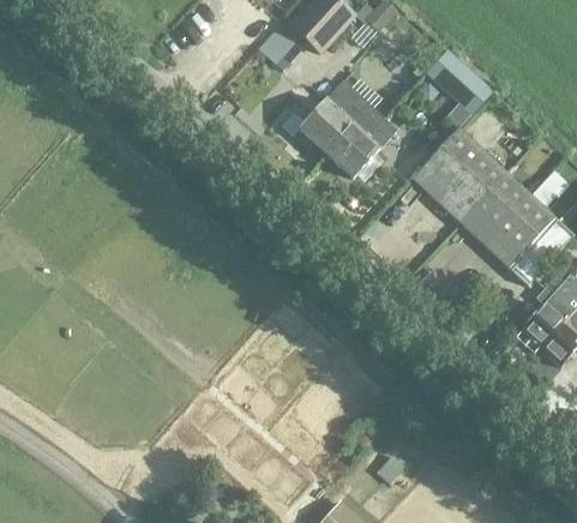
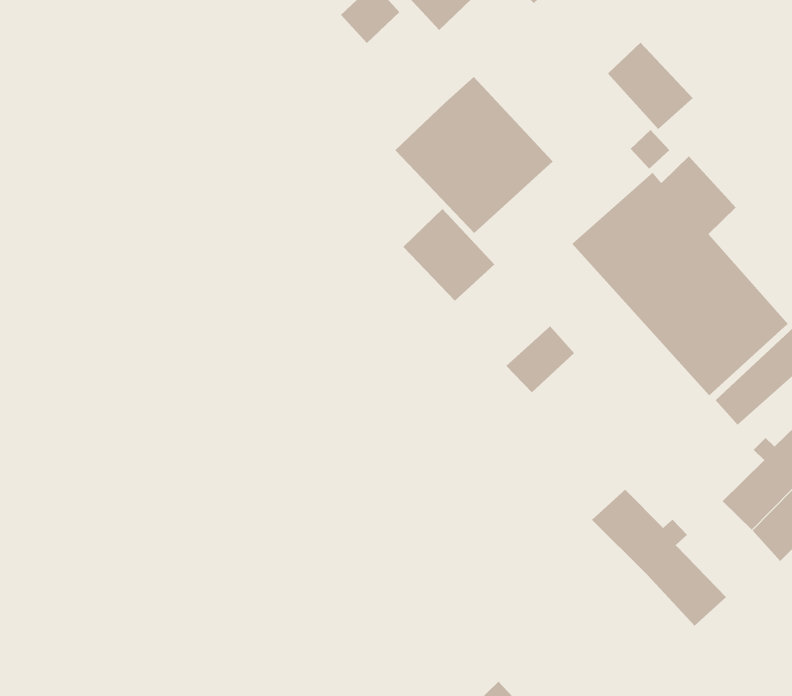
building: none -> [402,208,495,301]
building: none -> [506,325,575,393]
building: none -> [591,489,727,626]

